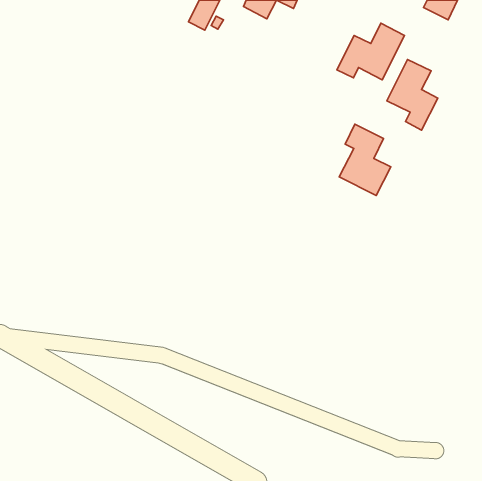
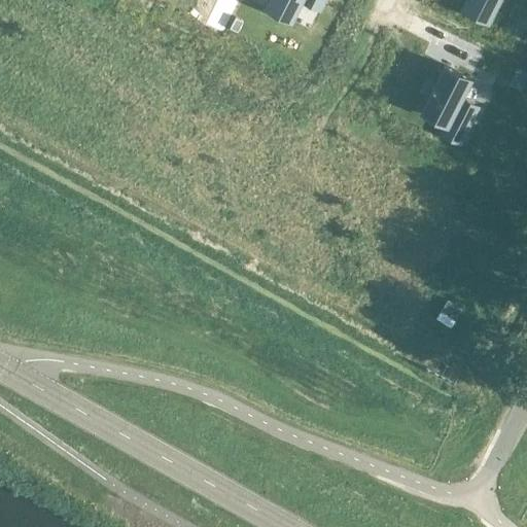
building: [337,23,404,80] -> none
building: [339,124,391,195] -> none

